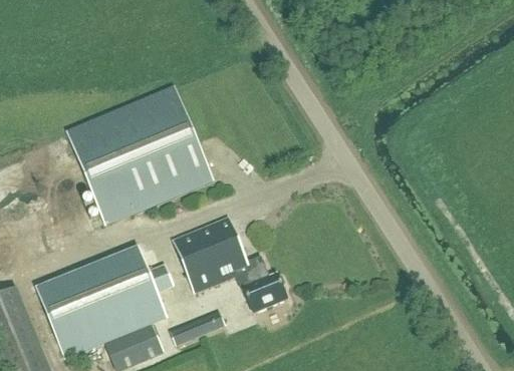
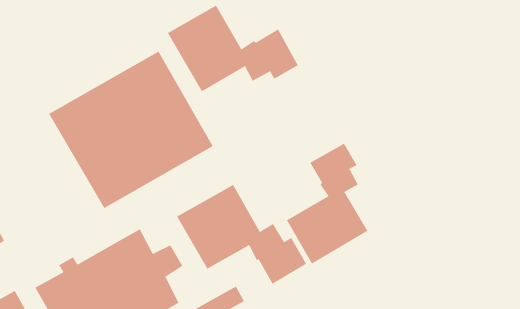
building: none -> [167,5,299,92]
building: none -> [286,143,368,264]

